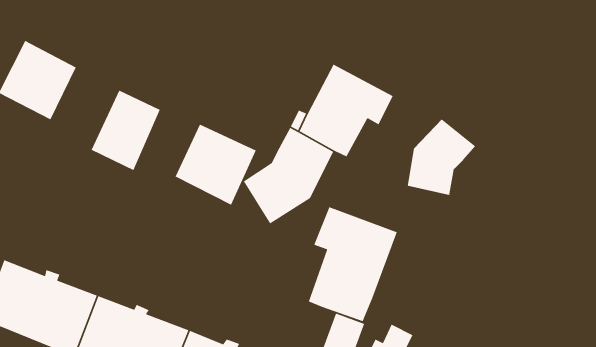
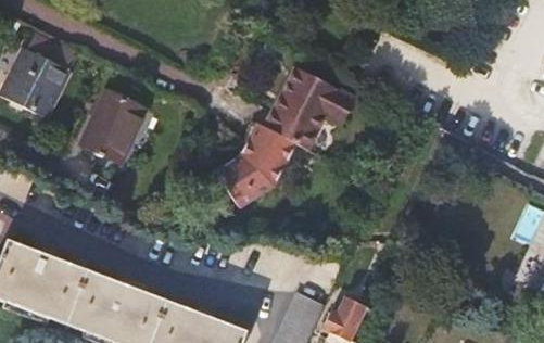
building: [407,119,476,196] -> none
building: [175,123,257,206] -> none
building: [308,206,398,322] -> none

